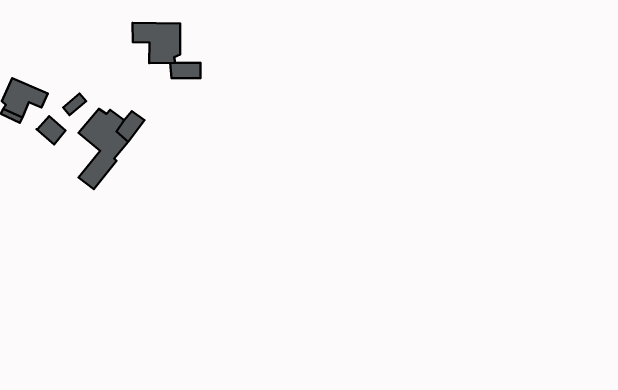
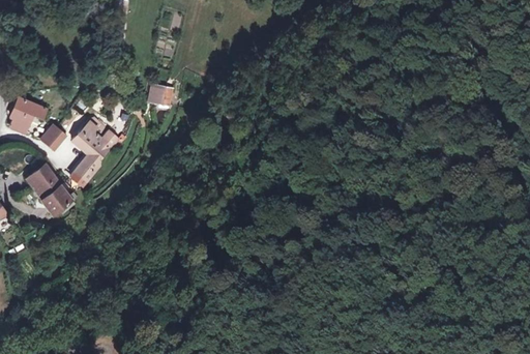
building: [133,23,180,63] -> none
building: none -> [25,164,79,216]

